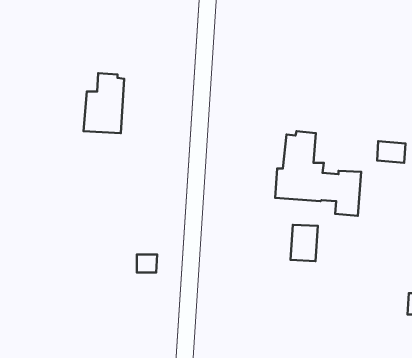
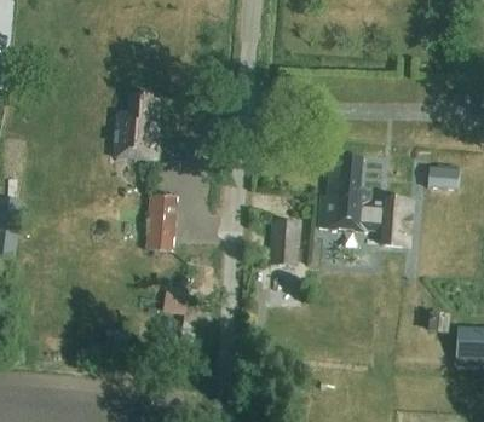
building: none -> [148,196,177,250]
building: [291,225,318,261] -> [270,220,299,259]

